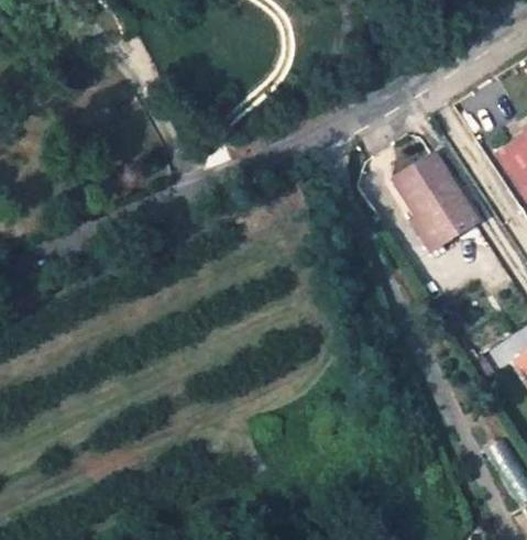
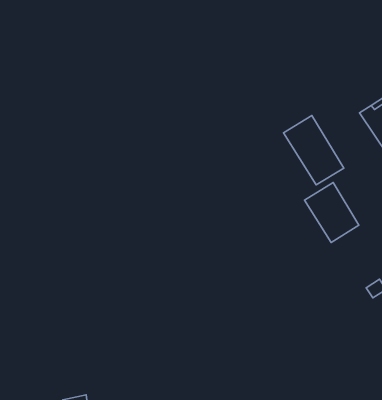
building: none -> [304,182,359,242]

